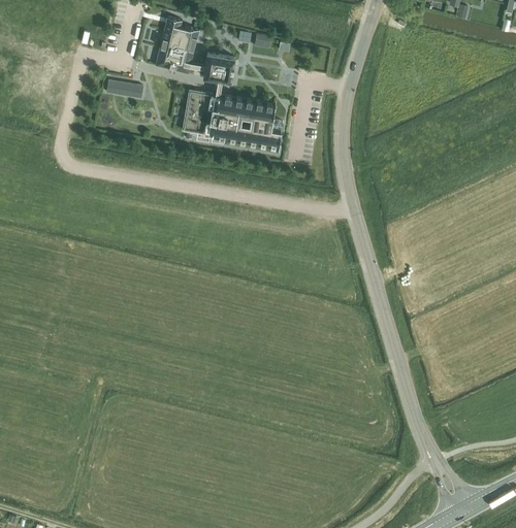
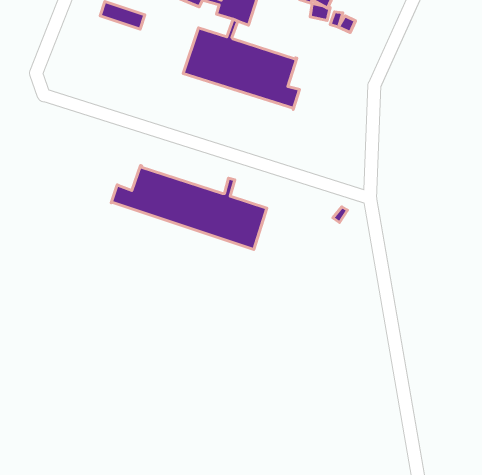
building: none -> [111,165,267,249]

